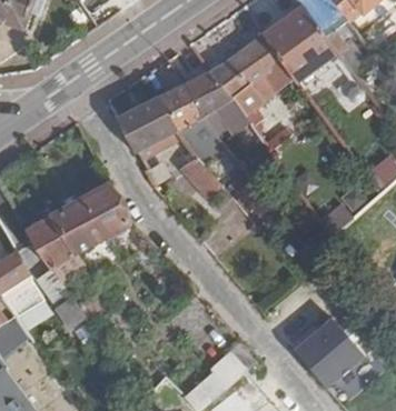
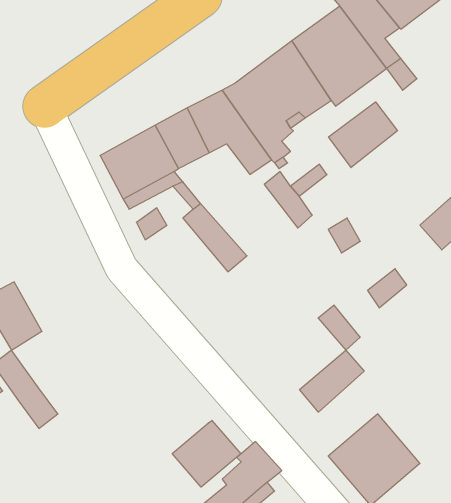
building: none -> [329,102,397,168]
building: [51,187,128,255] -> none
building: none -> [300,350,364,412]
building: none -> [172,420,241,487]

